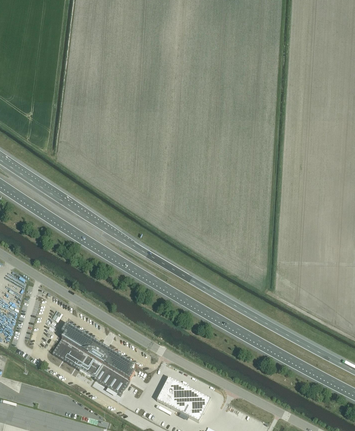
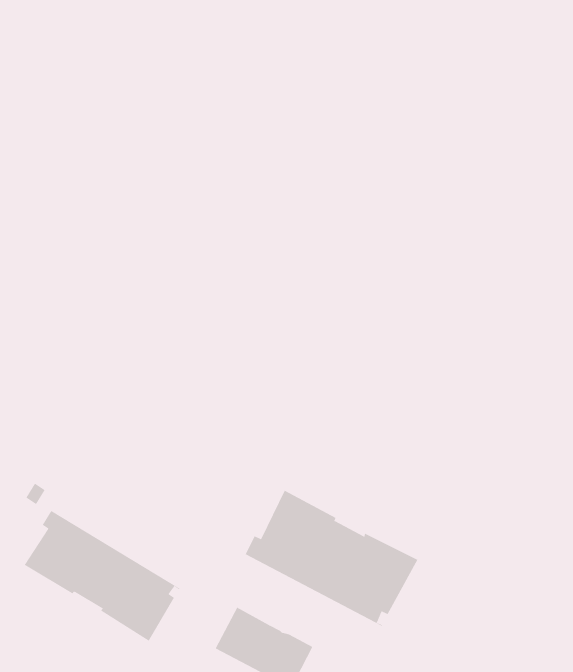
building: none -> [245,490,418,627]

